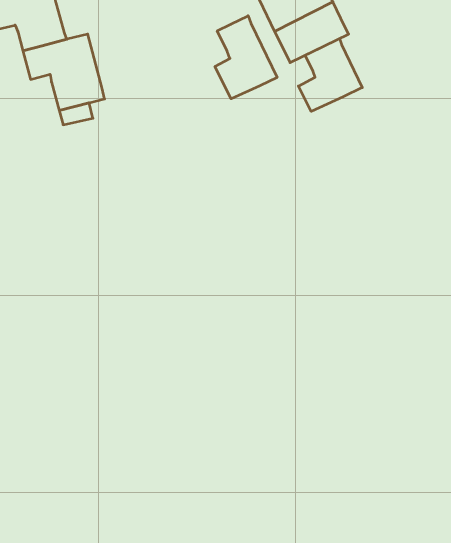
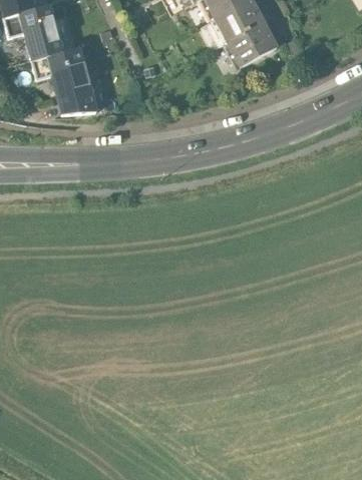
building: [215,16,277,99] -> none
building: [298,39,362,111] -> none

